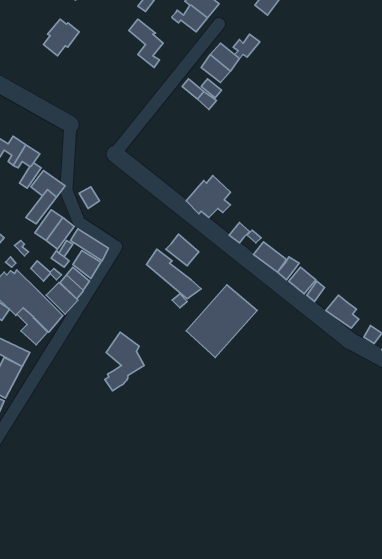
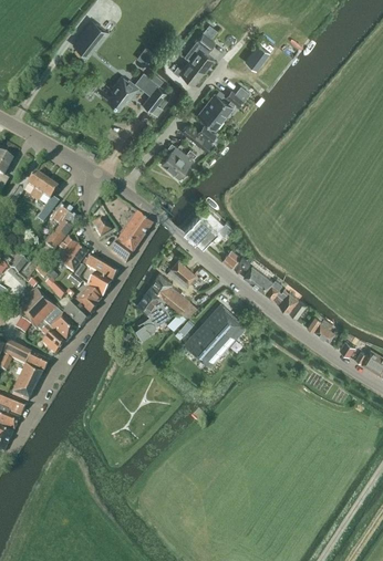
building: [44,19,79,56] -> [107,75,138,107]
building: none -> [161,143,196,176]
building: none -> [111,211,152,262]
building: [105,332,144,391] -> [136,287,170,337]

